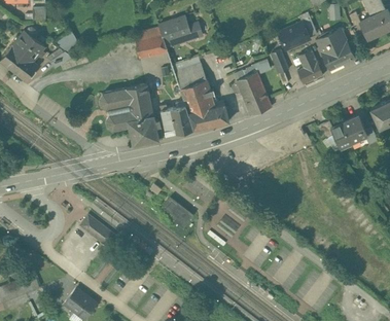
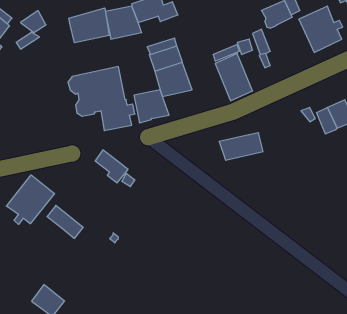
building: none -> [69,8,109,43]
building: [297,49,323,84] -> none
building: [187,104,228,130] -> [219,133,263,160]
building: none -> [6,175,55,224]
building: [163,197,193,227] -> [95,150,128,183]

